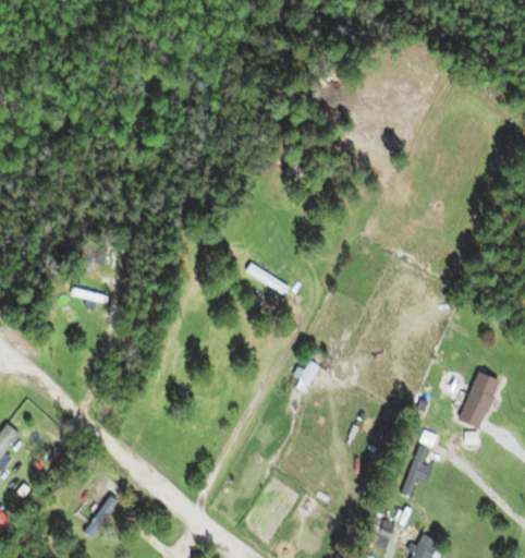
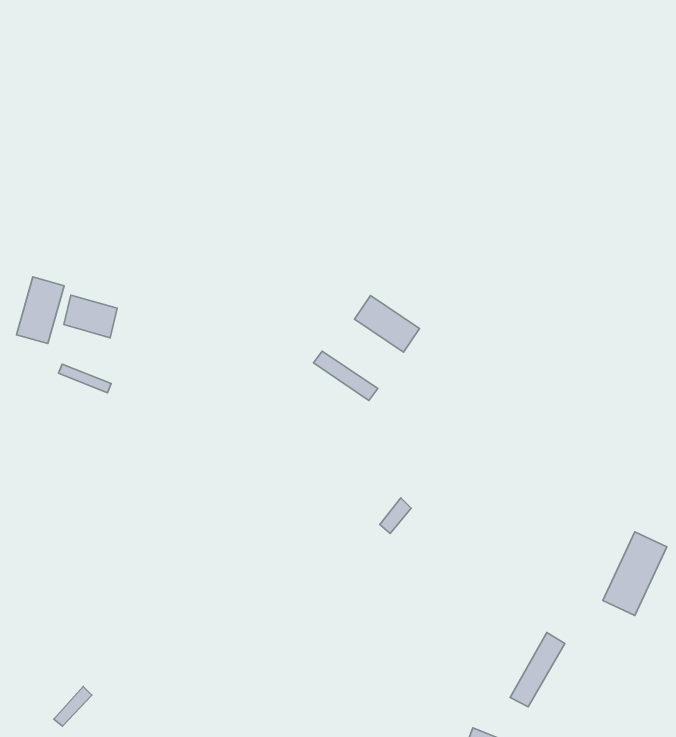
building: none -> [355,295,419,352]
building: none -> [17,277,64,343]

